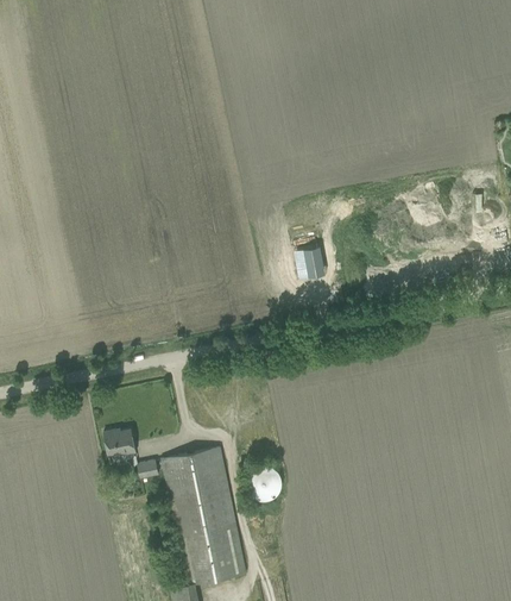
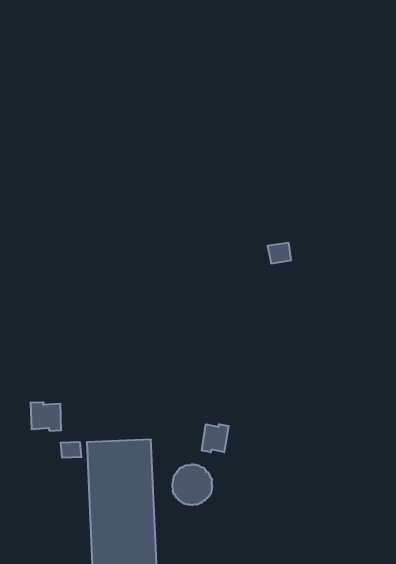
building: none -> [202,424,229,452]

